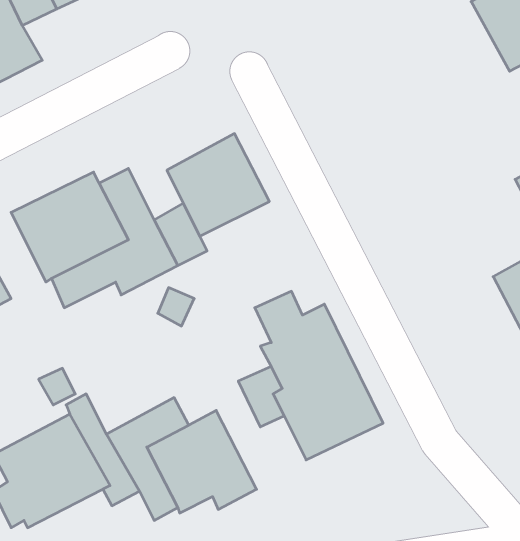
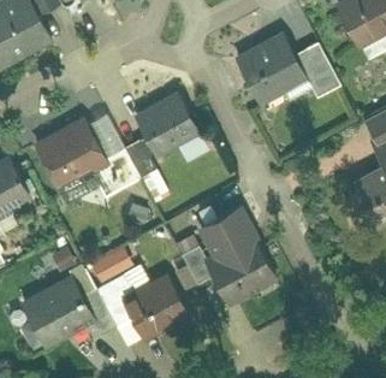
building: none -> [238,30,339,101]
building: none -> [90,246,132,282]

